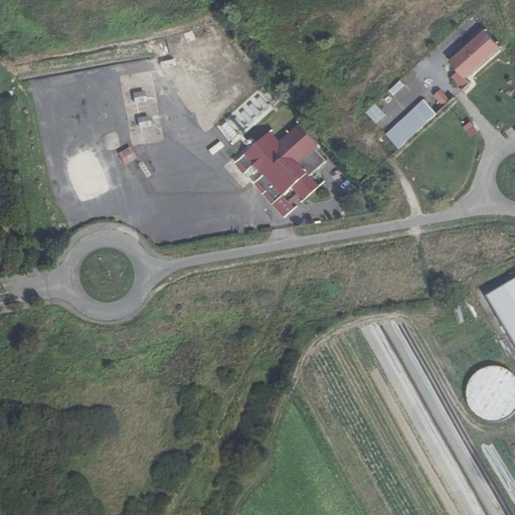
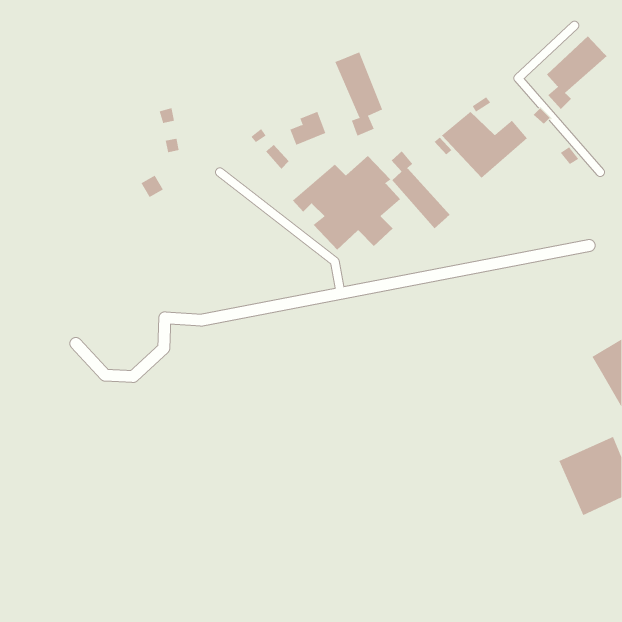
building: none -> [335,51,383,136]
building: none -> [391,150,451,229]

